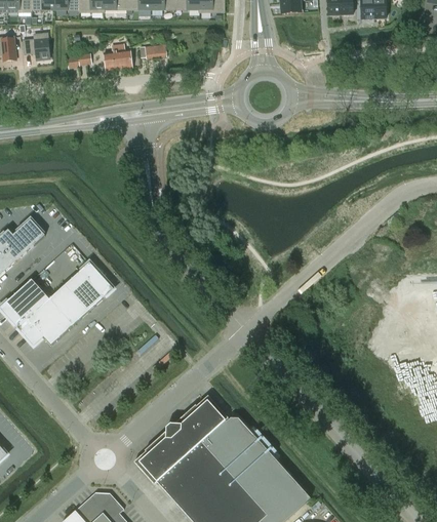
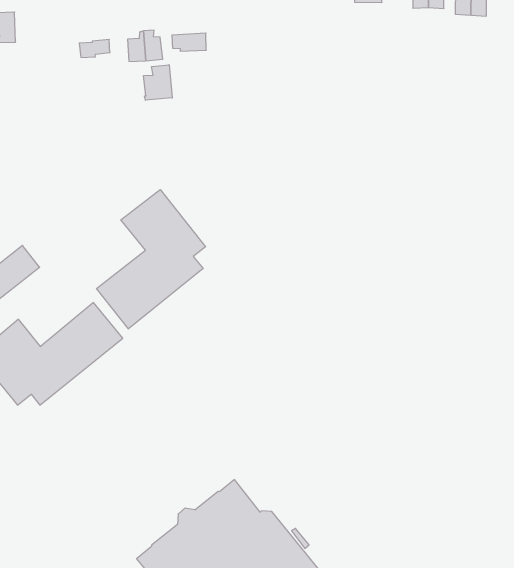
building: [24,33,50,61] -> none
building: none -> [144,65,172,100]
building: none -> [97,190,206,329]

